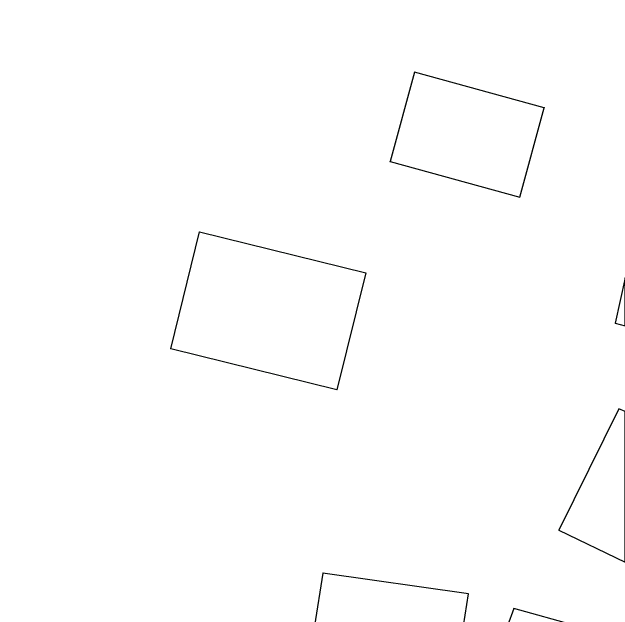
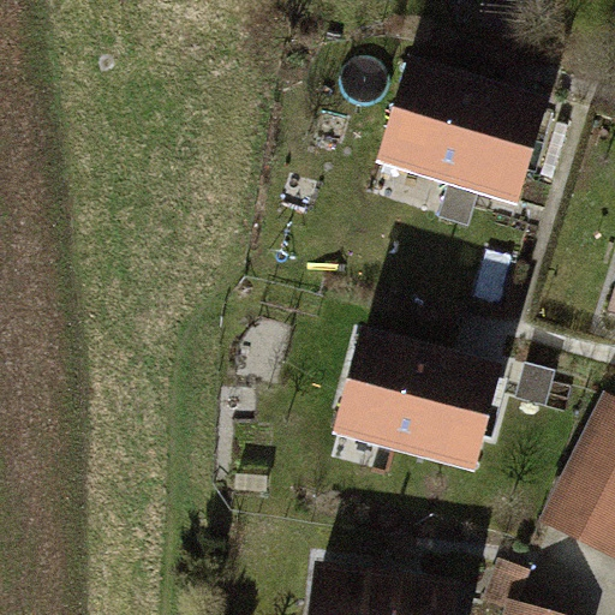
building: [171,232,366,390] -> none
building: none -> [340,345,488,462]

